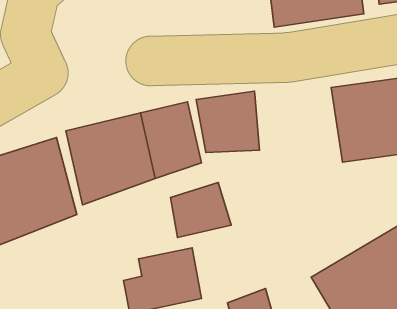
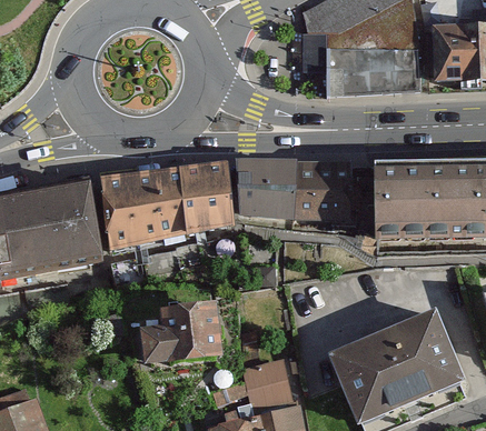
building: none -> [295,160,351,218]
building: [170,182,231,238] -> none

